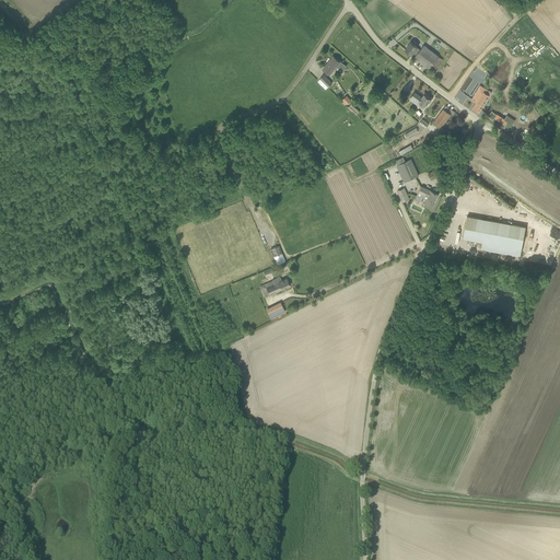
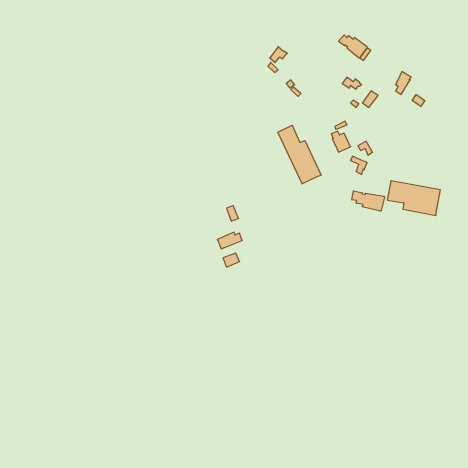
building: none -> [278,125,321,184]
building: none -> [352,191,385,211]

